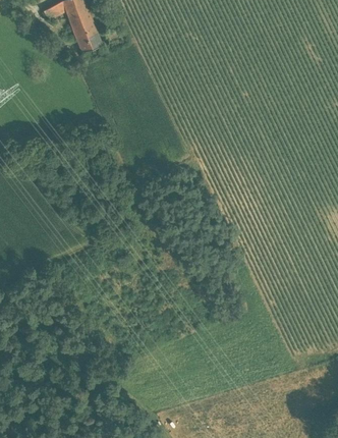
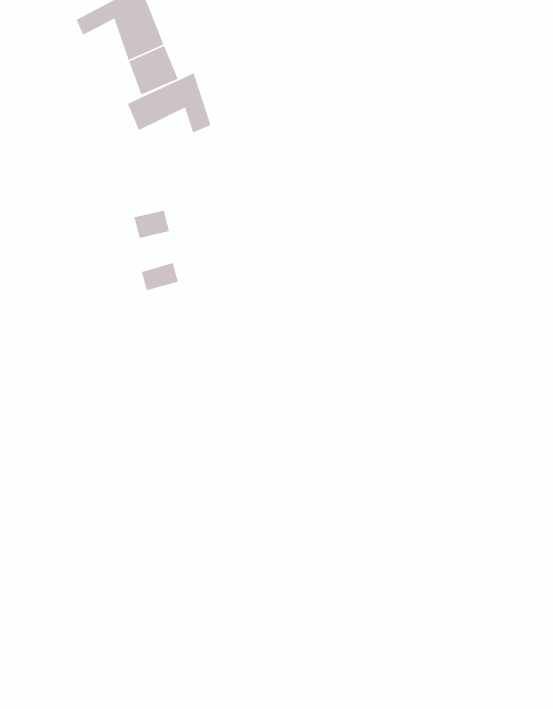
building: none -> [127,72,211,134]

